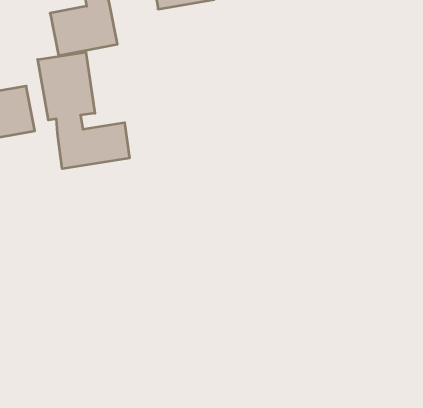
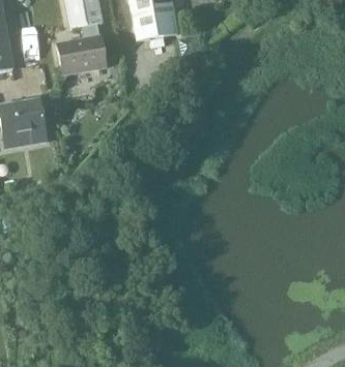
building: [38,52,129,169] -> none

